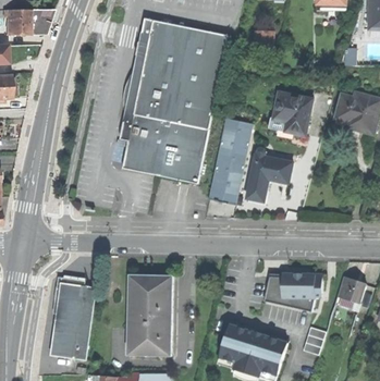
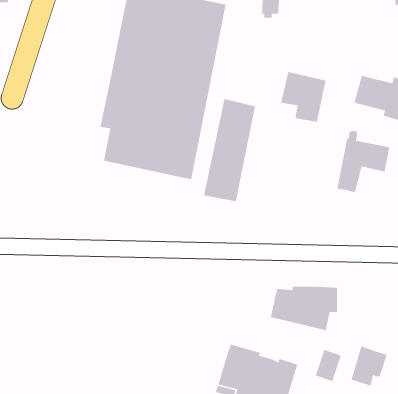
building: [247,148,293,201] -> [336,130,390,193]
building: [334,272,366,307] -> [350,345,388,386]
building: [127,273,172,353] -> none
building: [51,275,98,359] -> none

